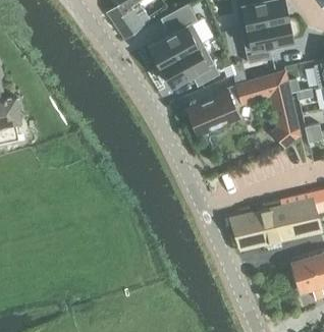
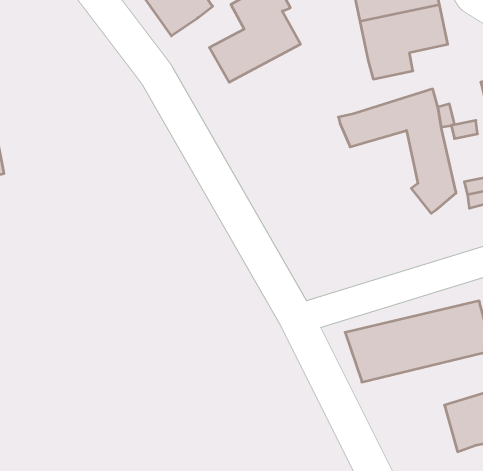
building: [159,43,219,88] -> none
building: [186,92,238,134] -> none

